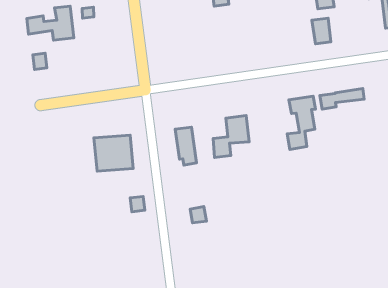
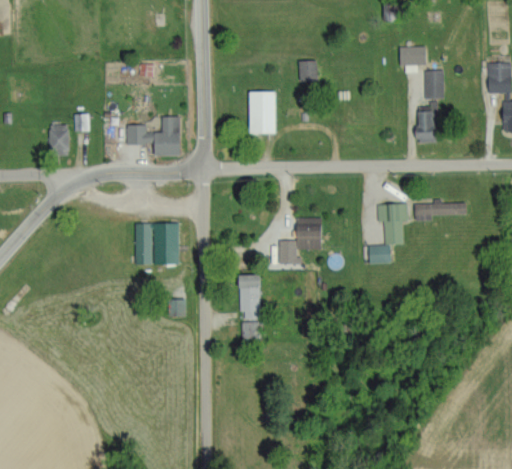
building: [27,6,74,40] -> [126,116,180,155]
building: none -> [250,91,276,134]
building: none -> [49,124,68,151]
building: [175,127,197,165] -> [240,275,261,320]

